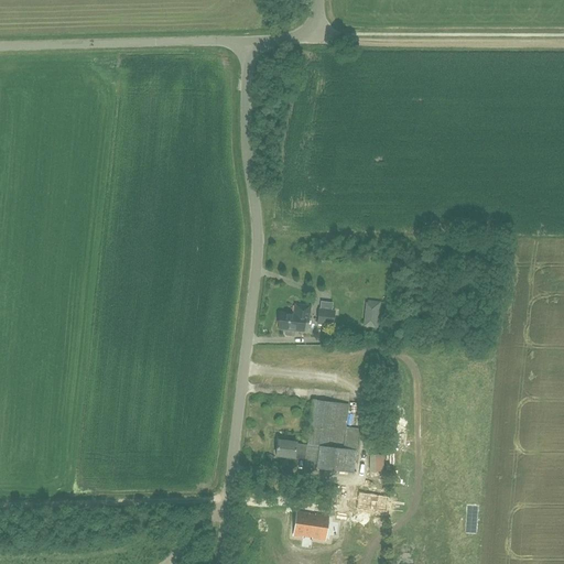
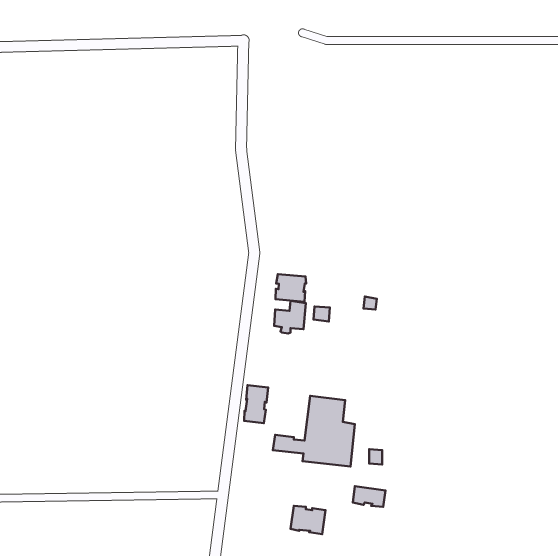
building: none -> [275,274,306,302]
building: none -> [244,385,268,423]

